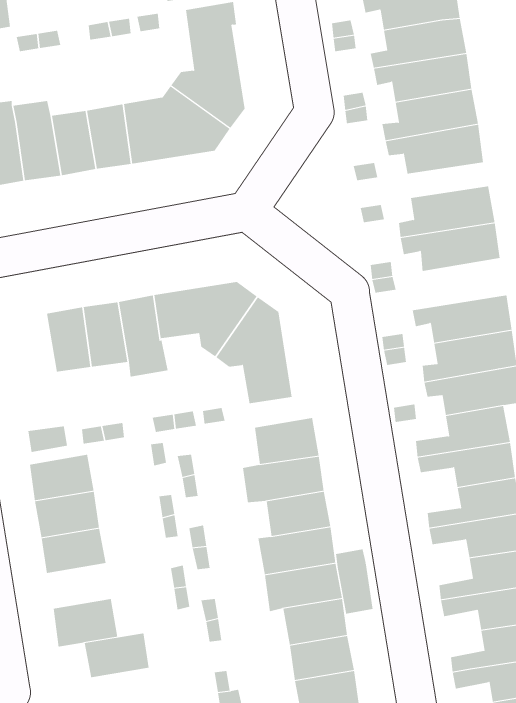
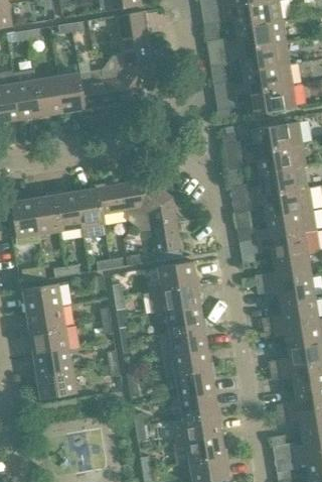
building: none -> [252,165,310,197]
building: none -> [11,199,39,238]
building: [335,549,373,614] -> none
building: [84,633,149,678] -> [33,349,72,376]

